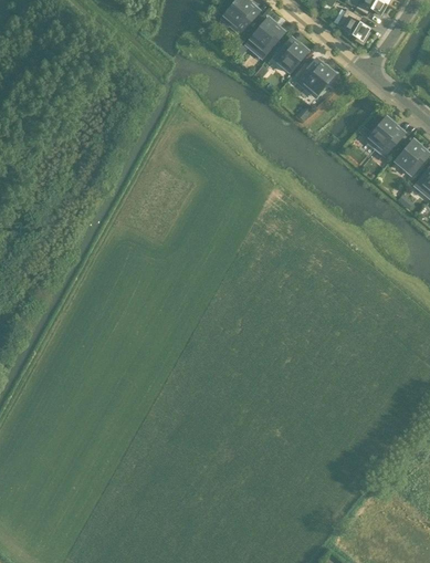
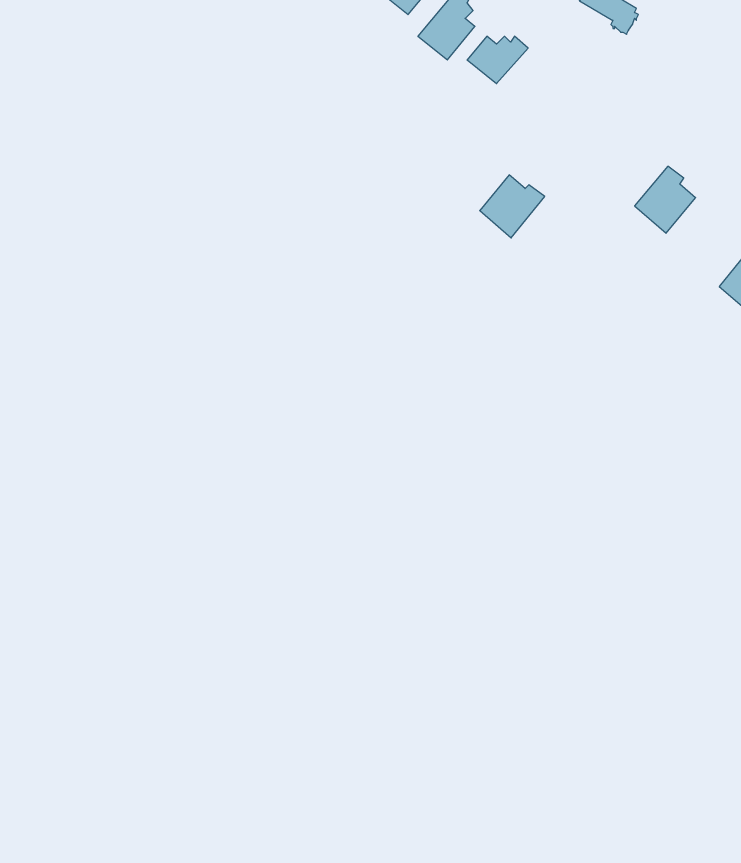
building: [298,61,335,96] -> [480,175,545,238]
building: [397,139,423,174] -> none

